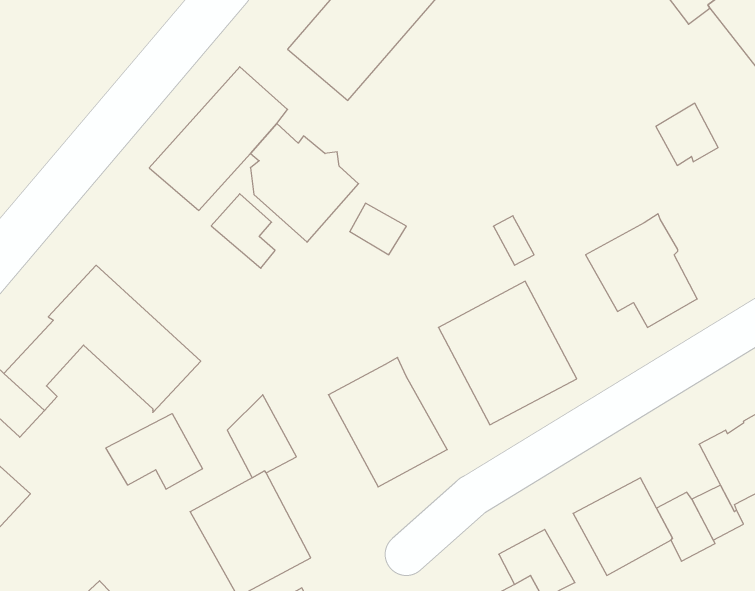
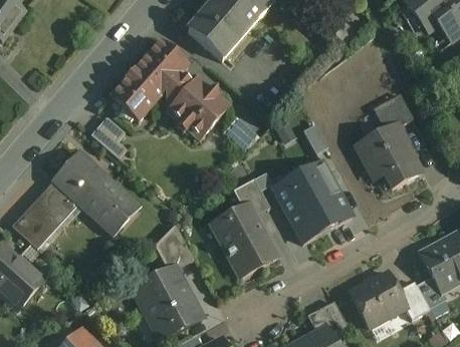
building: [656,103,718,165] -> [378,92,413,127]
building: [211,194,275,268] -> [90,115,127,157]
building: none -> [233,179,269,215]
building: [106,414,202,489] -> none

